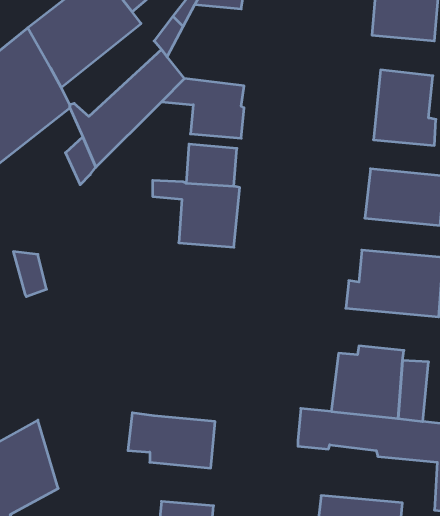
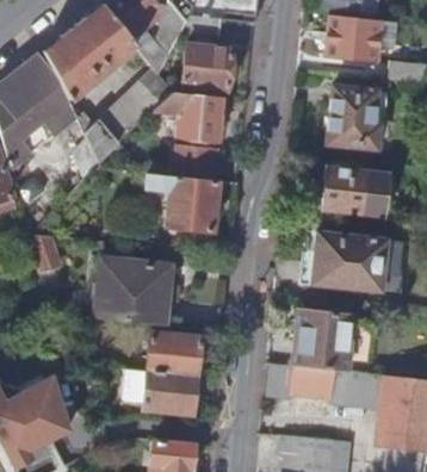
building: none -> [184,44,233,91]
building: none -> [97,259,172,324]
building: none -> [148,331,203,374]

